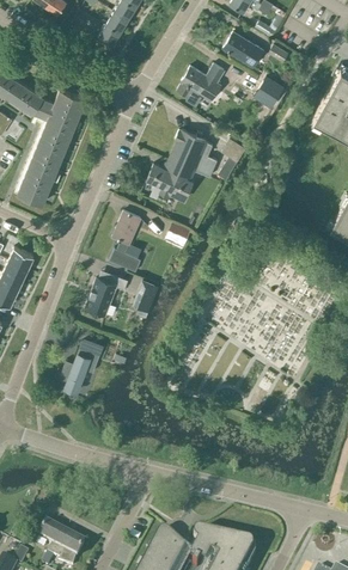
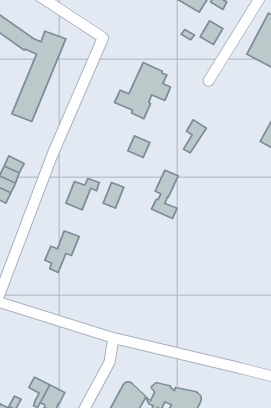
building: [177,63,225,108] -> none
building: [218,137,246,179] -> [184,120,207,153]
building: [108,210,141,271] -> [151,170,178,219]

